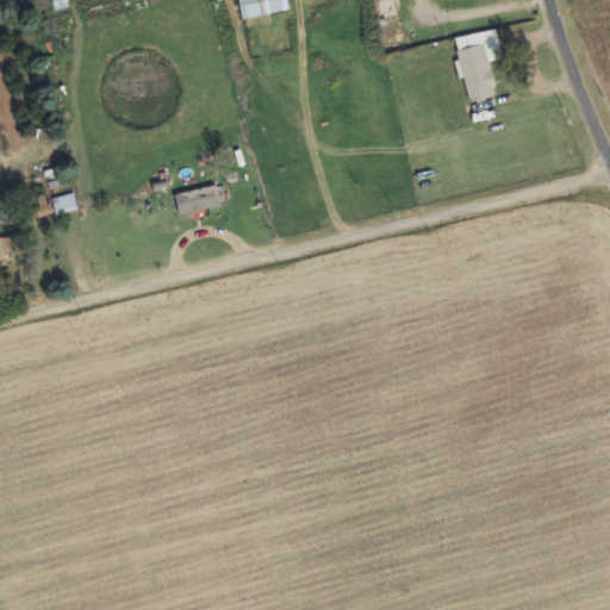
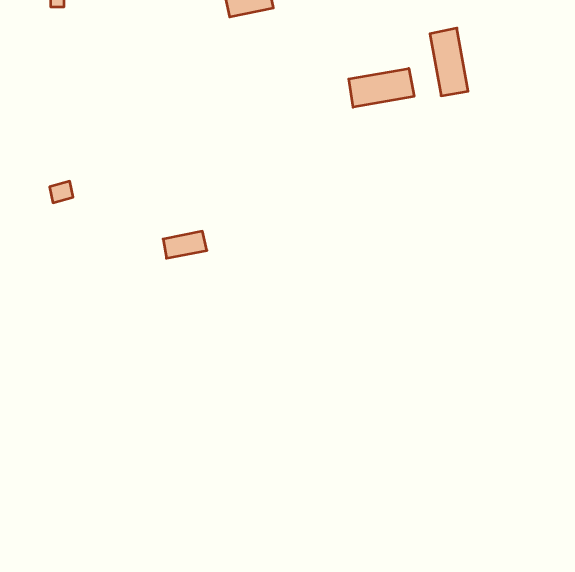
building: none -> [349,68,414,107]
building: [175,185,222,213] -> [163,231,207,258]

